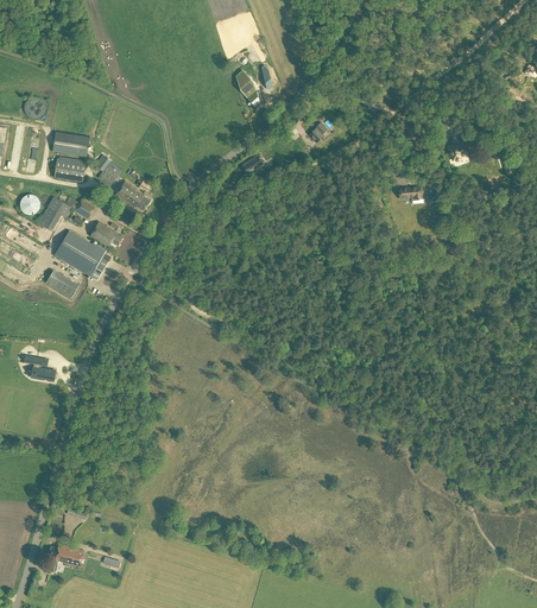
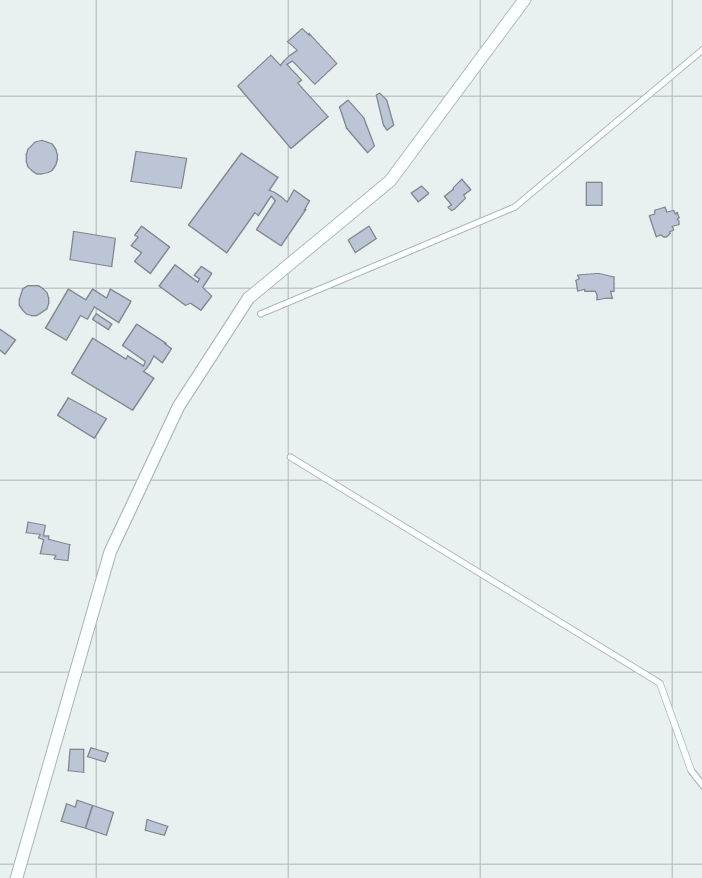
building: none -> [238,29,337,148]
building: none -> [189,153,310,253]
building: [51,132,89,157] -> [131,151,187,188]

